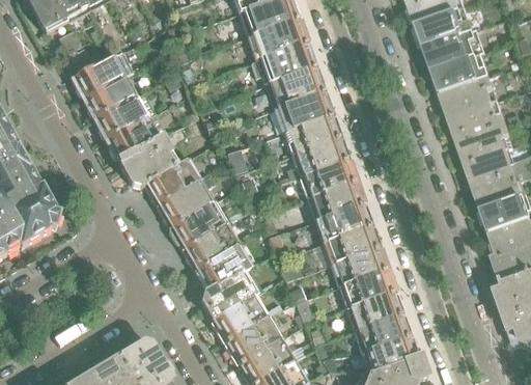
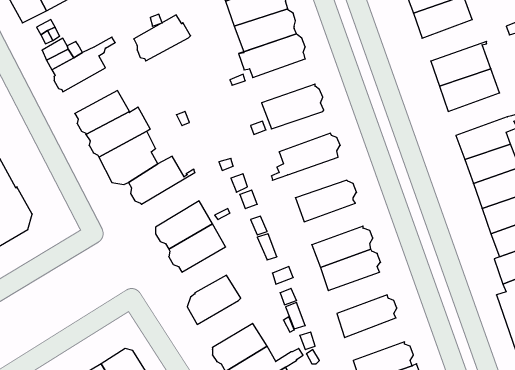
building: [425,19,488,67] -> none
building: [264,65,324,107] -> none
building: [84,74,138,117] -> [134,15,191,61]
building: [450,98,506,138] -> none
building: [275,115,339,158] -> none
building: [298,159,355,197] -> none
building: [159,173,215,225] -> none
building: [313,202,370,242] -> none
building: [197,244,251,287] -> none
building: [336,268,394,307] -> none
building: [212,295,264,339] -> none
building: [352,311,410,352] -> none

